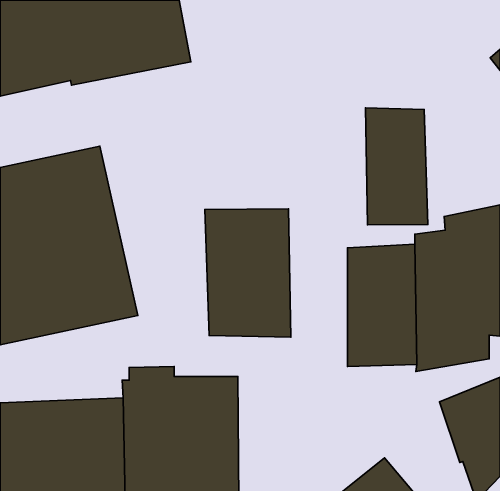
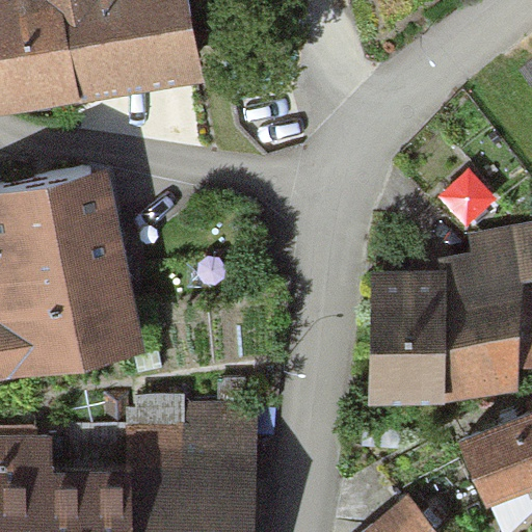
building: [365,108,428,225] -> none
building: [205,209,291,337] -> none

